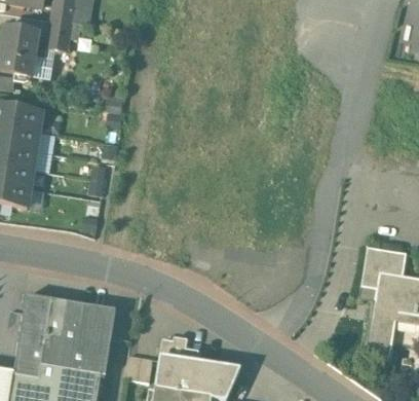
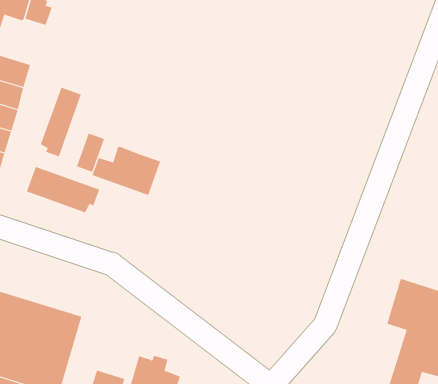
building: none -> [40,87,82,157]
building: none -> [92,146,161,196]
building: none -> [26,166,100,213]

